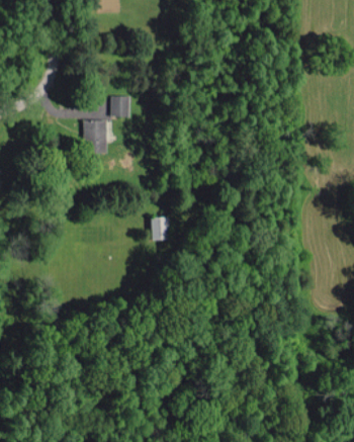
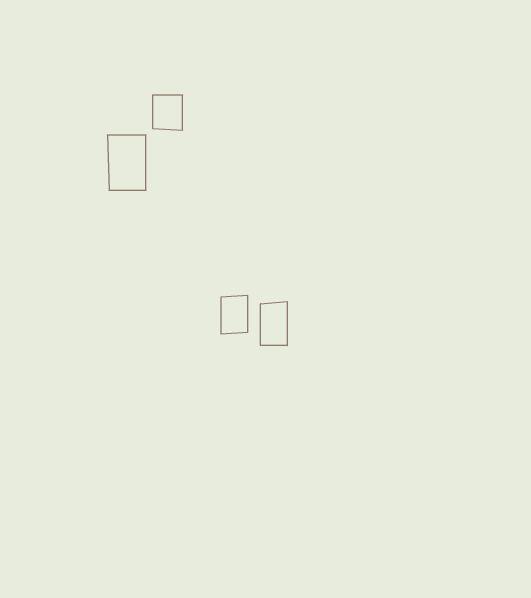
building: none -> [261,302,287,346]

